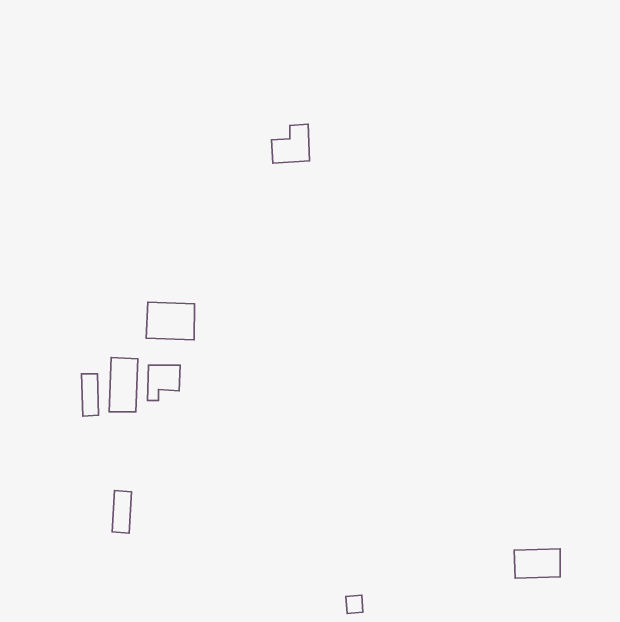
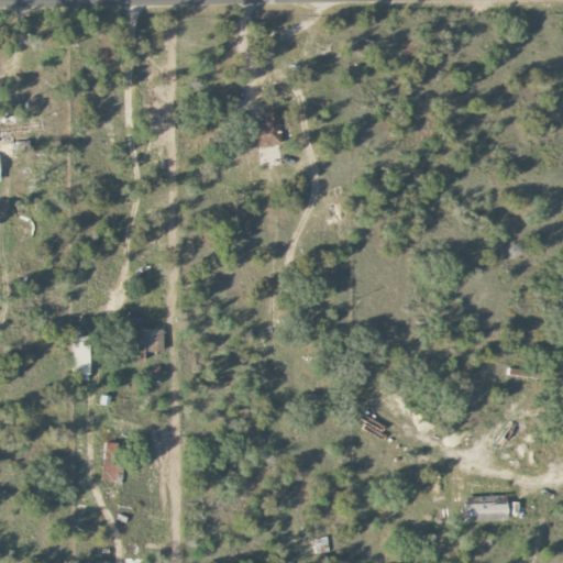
building: [146,302,195,340] -> none
building: [109,357,138,412] -> none

